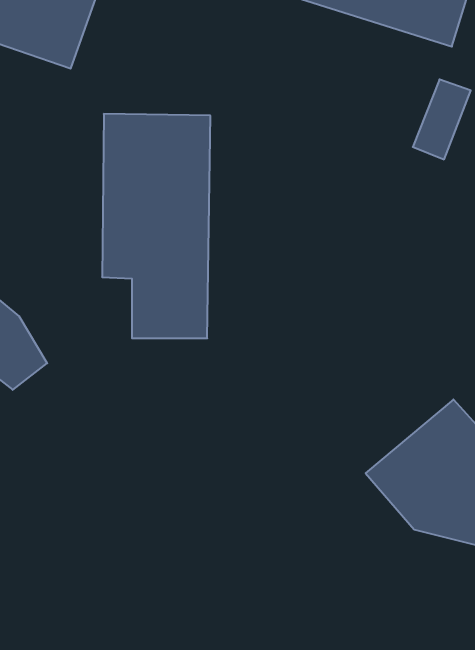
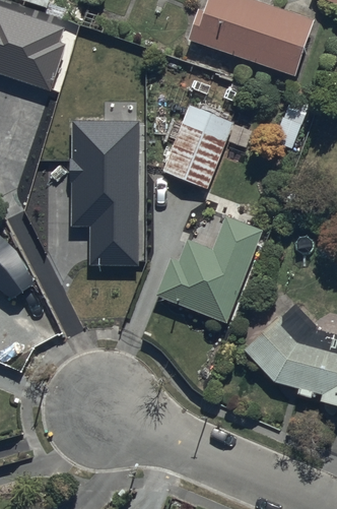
building: none -> [161,105,233,188]
building: none -> [157,215,262,324]

